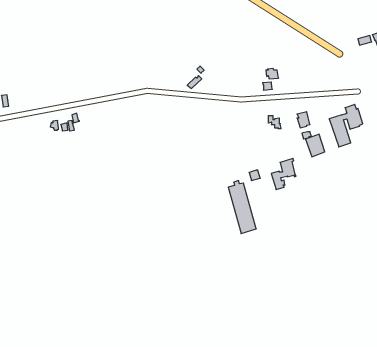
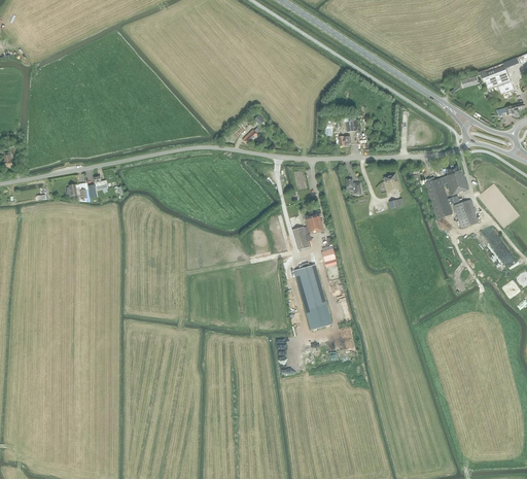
building: [306,134,325,157] -> [453,199,478,228]
building: [271,158,296,190] -> [292,209,324,249]

